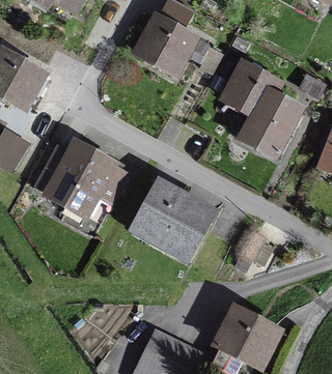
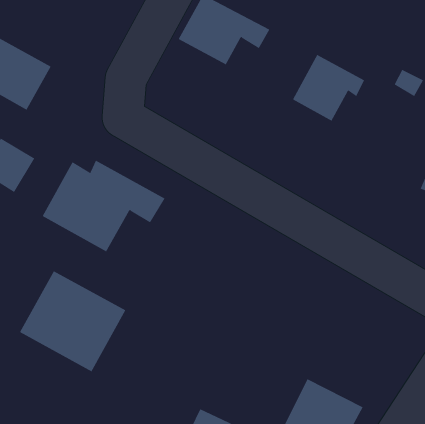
building: [245,92,297,154] -> none
building: [131,182,212,259] -> [19,270,126,372]

